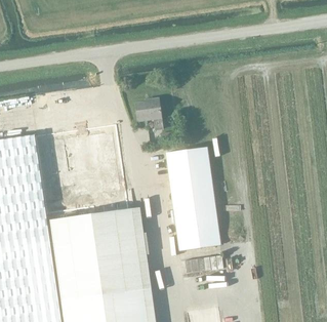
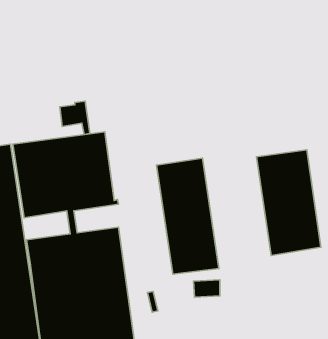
building: [135,98,162,128] -> [60,101,90,135]
building: none -> [257,150,321,255]

